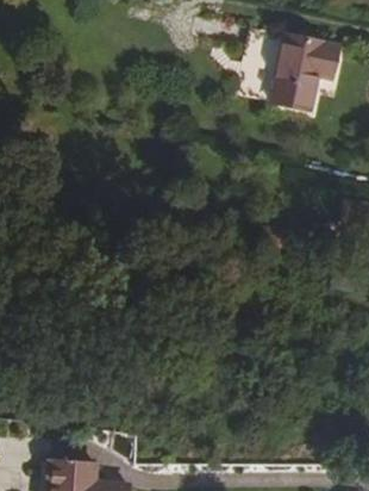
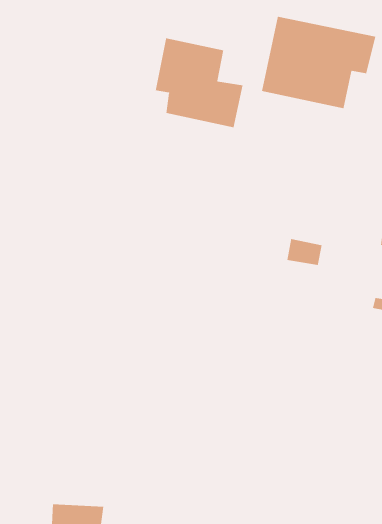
building: none -> [155,38,243,128]

